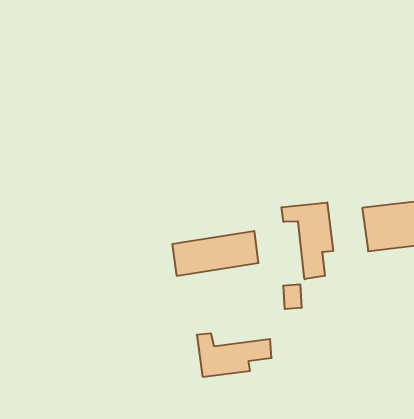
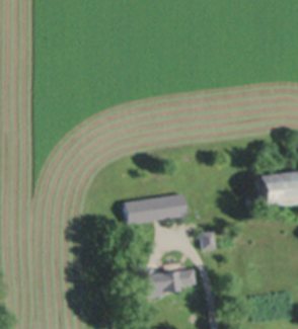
building: [281,202,333,279] -> none

